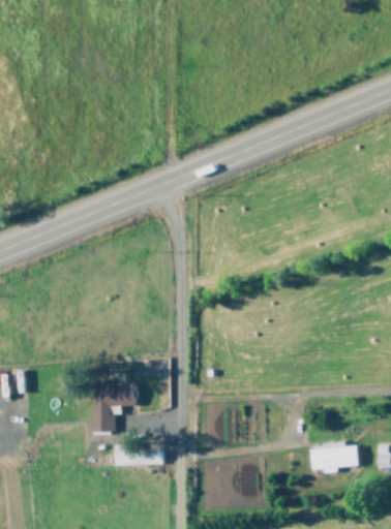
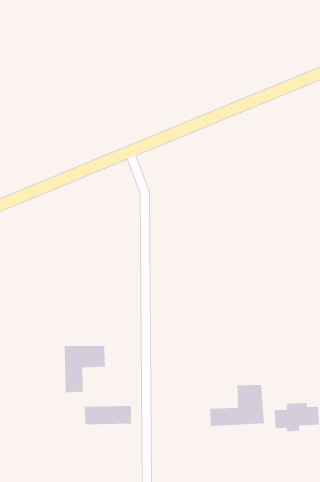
building: none -> [209,384,265,427]

